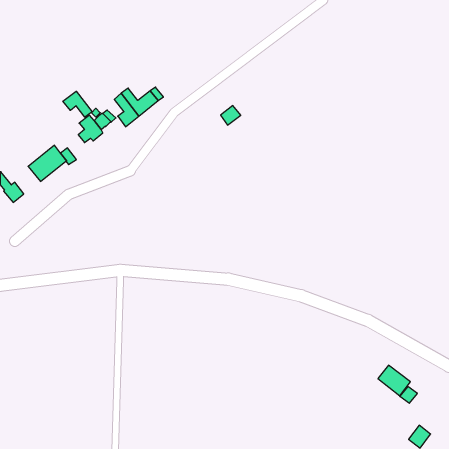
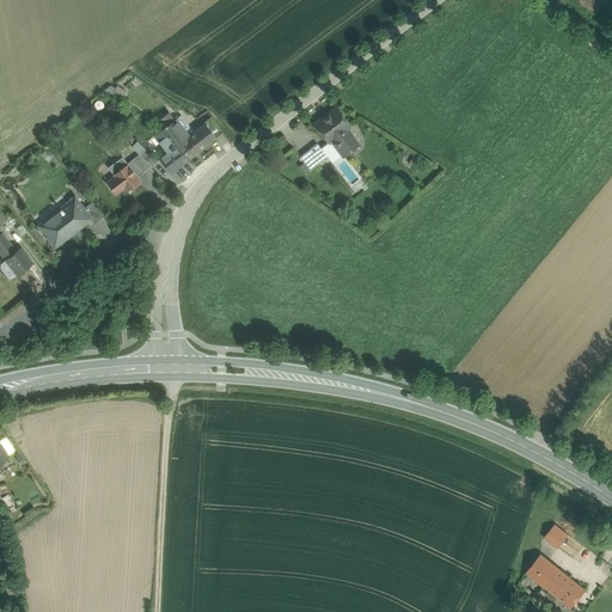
building: none -> [316,109,357,157]
building: [63,91,92,117] -> none
building: [378,365,410,396] -> [526,556,570,598]

